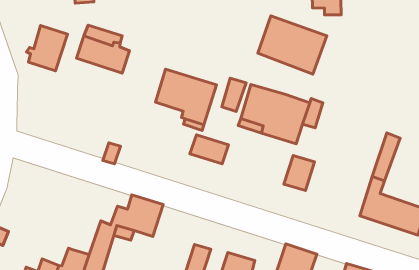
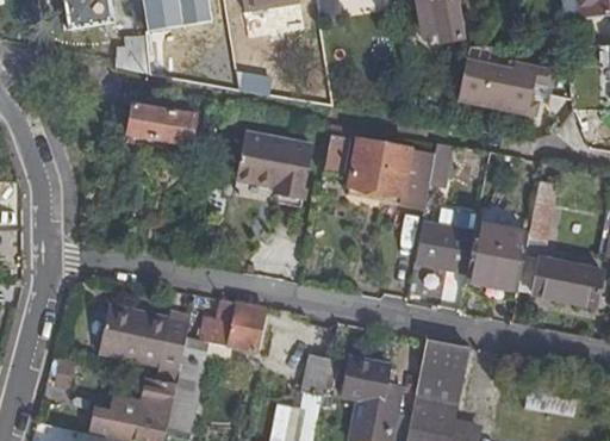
building: [258,16,327,74] -> [456,46,542,114]
building: [26,25,68,71] -> none
building: [190,135,228,164] -> none
building: none -> [465,225,525,291]
building: none -> [97,306,191,384]

